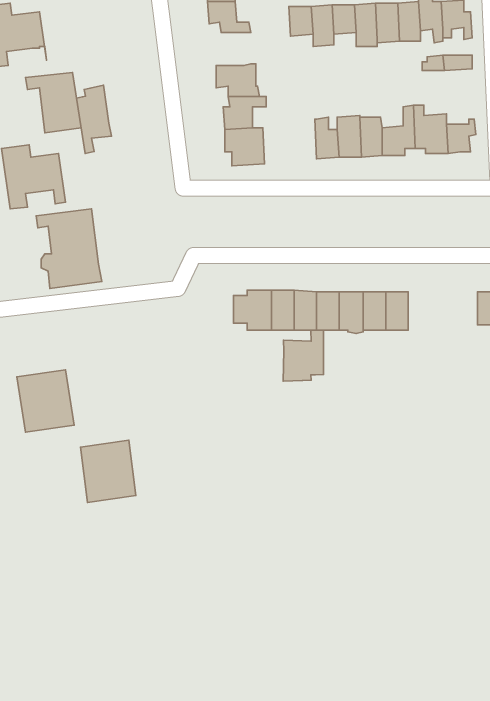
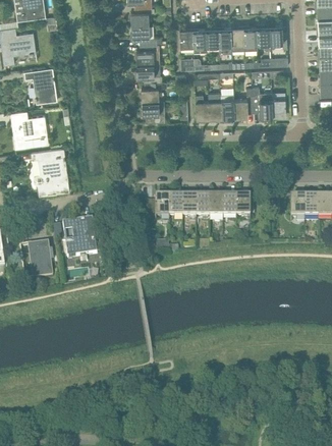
building: none -> [135,46,157,65]
building: [76,85,111,153] -> none
building: [283,330,324,381] -> none
building: [80,440,136,503] -> [63,221,96,258]

